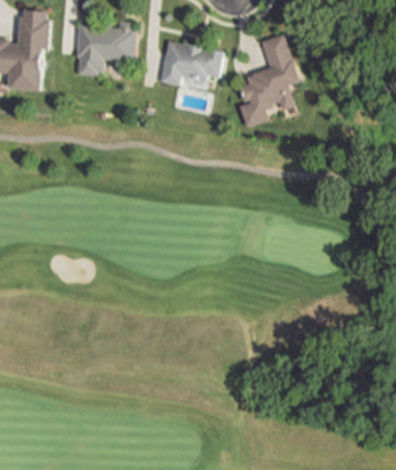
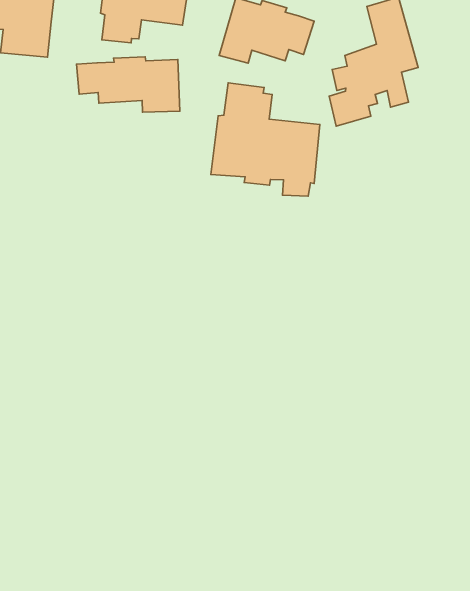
building: none -> [77,57,180,112]
building: none -> [211,83,320,196]

